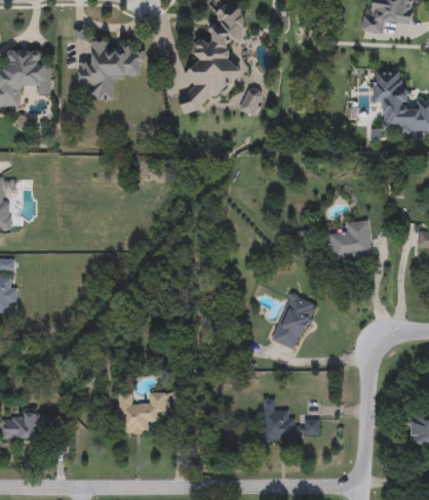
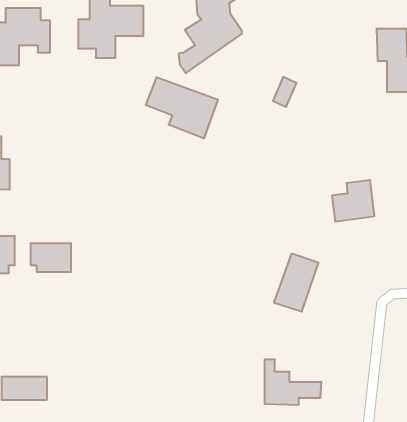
building: [239,86,263,116] -> [273,77,297,107]
building: none -> [146,77,218,139]
building: none -> [31,243,71,272]
building: [119,392,165,433] -> none

